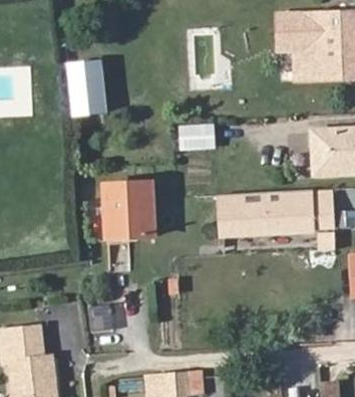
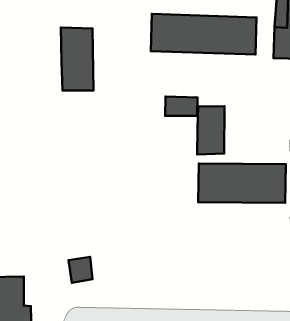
building: none -> [151,14,257,55]
building: none -> [197,106,225,154]
building: [103,184,154,239] -> none

